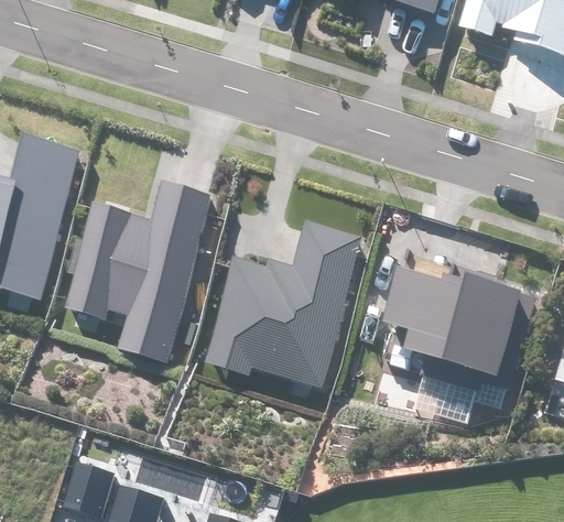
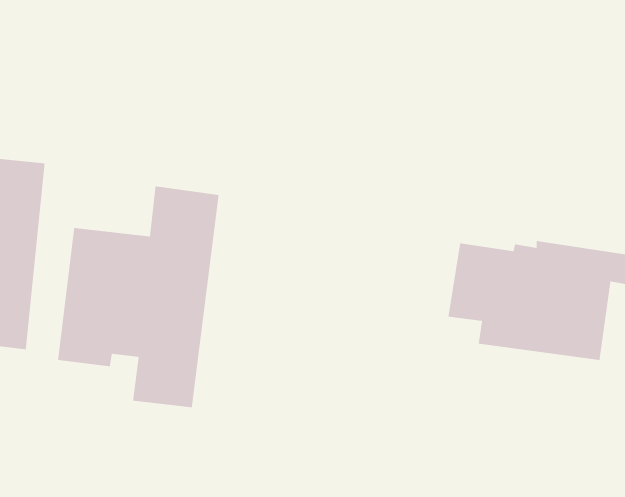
building: [204,221,364,388] -> none

